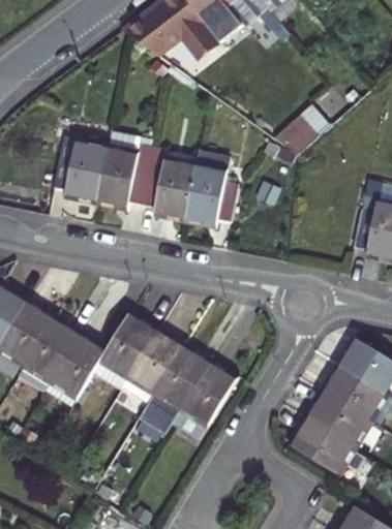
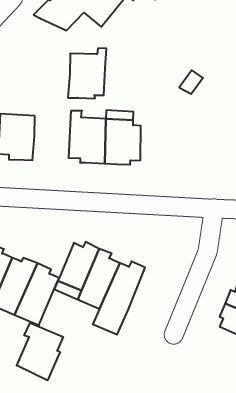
building: [95,148,152,209] -> [68,48,106,98]
building: [182,356,235,423] -> none
building: none -> [17,323,63,380]

